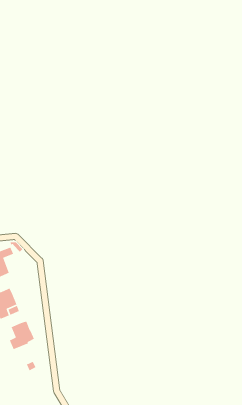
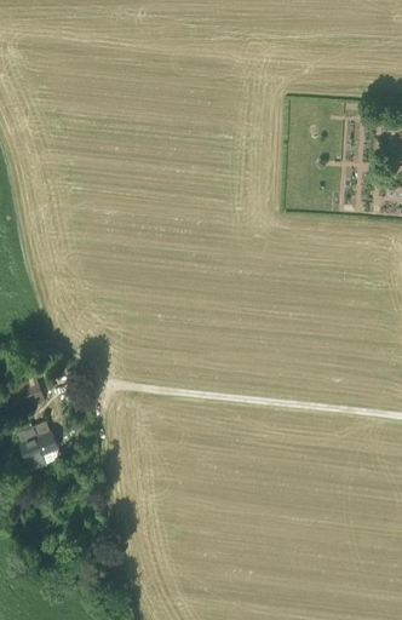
building: [9,320,35,350] -> none

